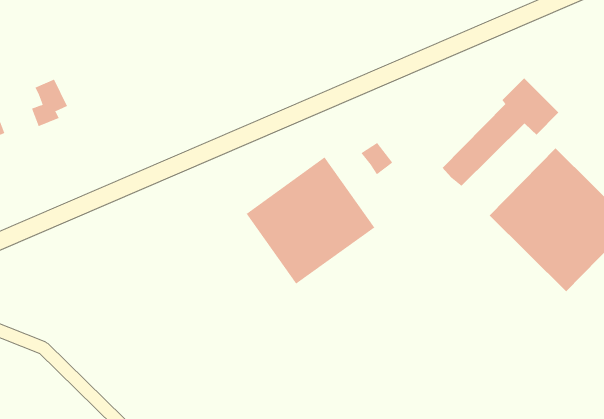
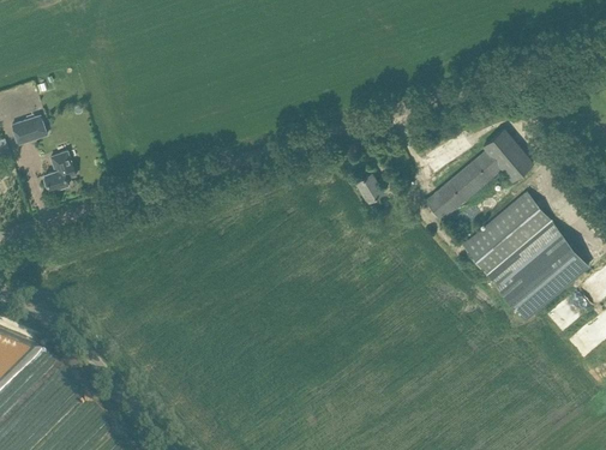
building: [31,79,68,127] -> [44,151,77,192]
building: [246,157,375,285] -> none

